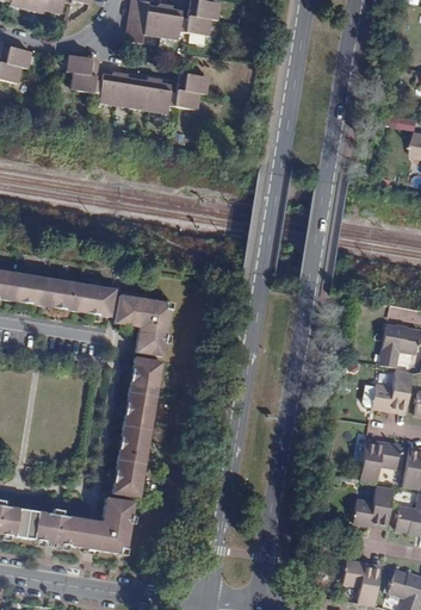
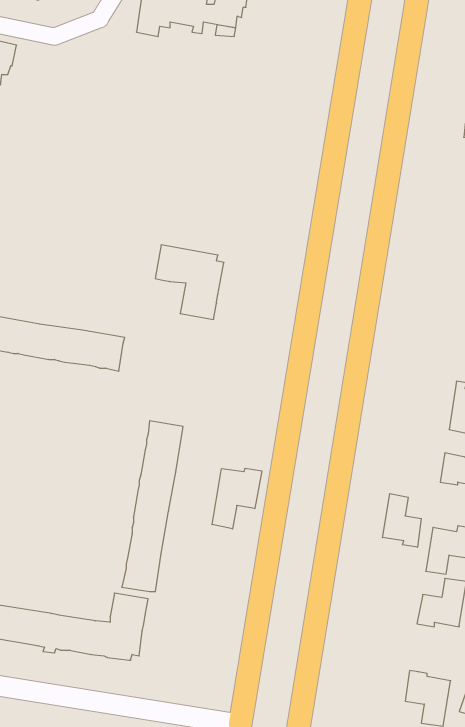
building: [68,55,204,114] -> none
building: [113,294,169,355] -> [155,245,224,319]
building: none -> [212,468,262,529]
building: none -> [382,494,421,547]

